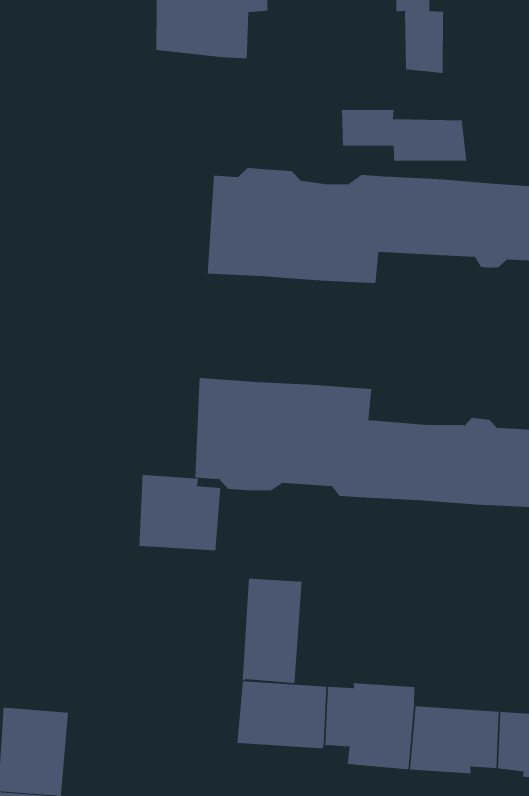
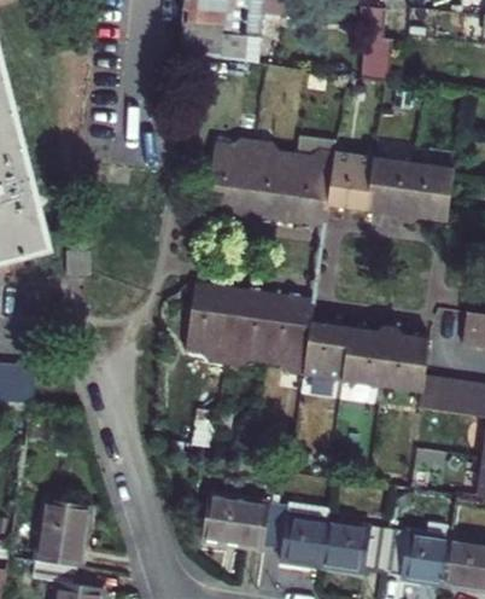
building: [342,109,467,162] -> none
building: [139,474,221,551] -> none
building: [242,578,302,684] -> none

